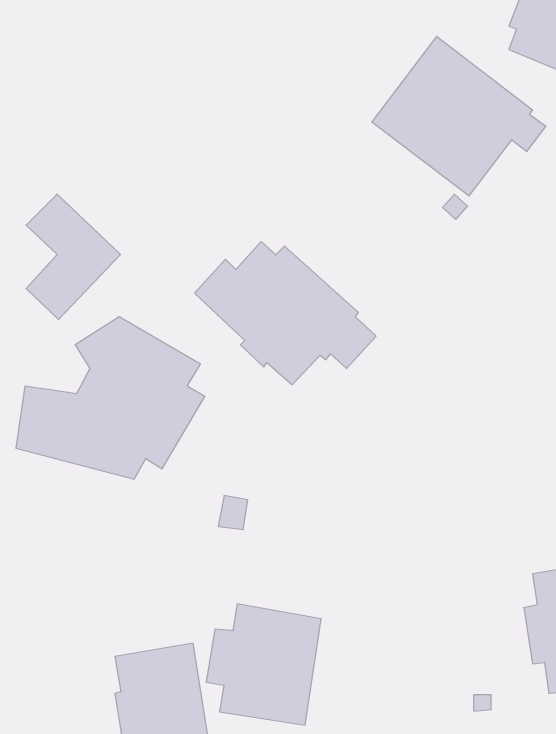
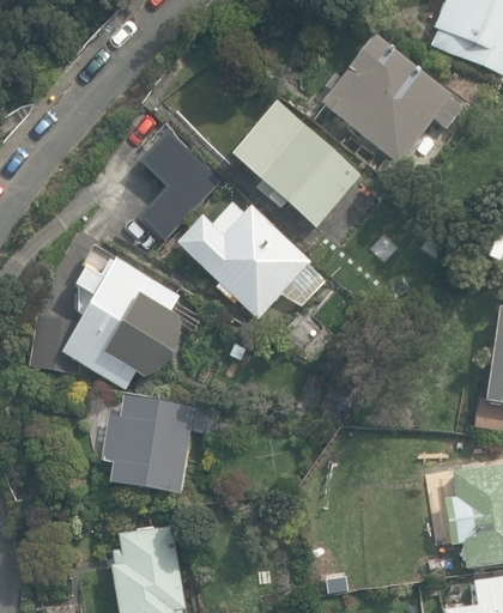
building: none -> [232,105,362,230]
building: [26,194,121,320] -> [141,134,218,236]
building: [206,604,321,725] -> [103,396,196,494]

